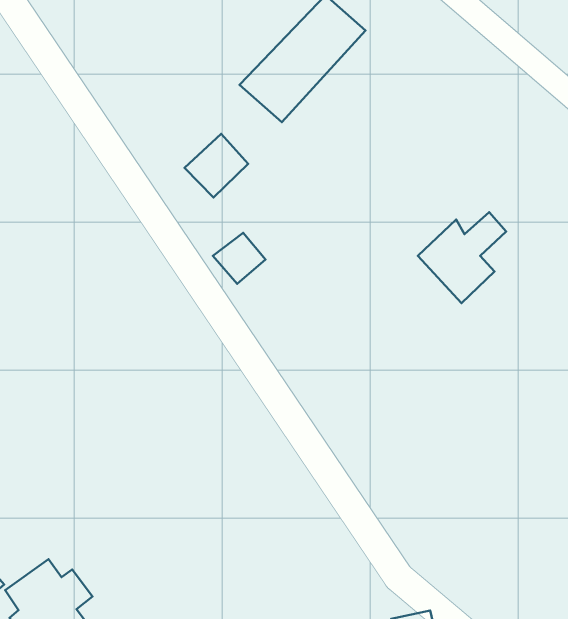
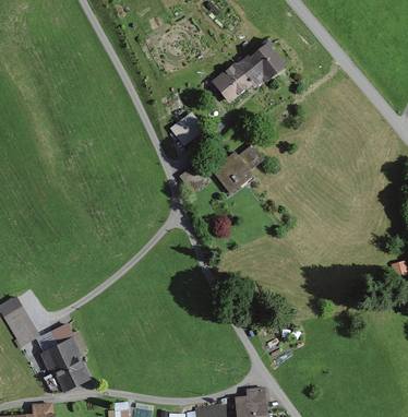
building: [418,212,506,303] -> [209,150,260,196]

